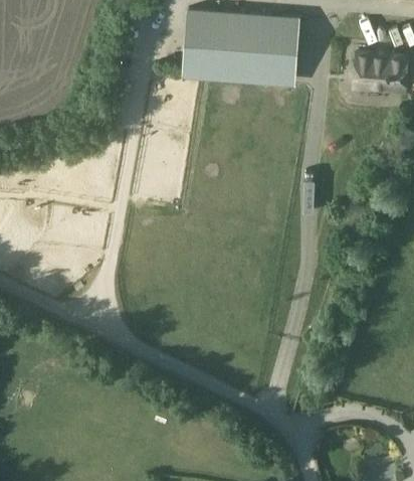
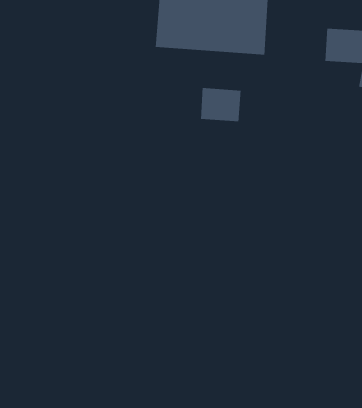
building: none -> [200,87,242,122]

